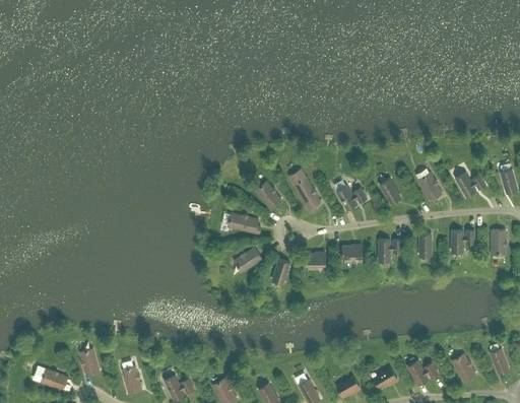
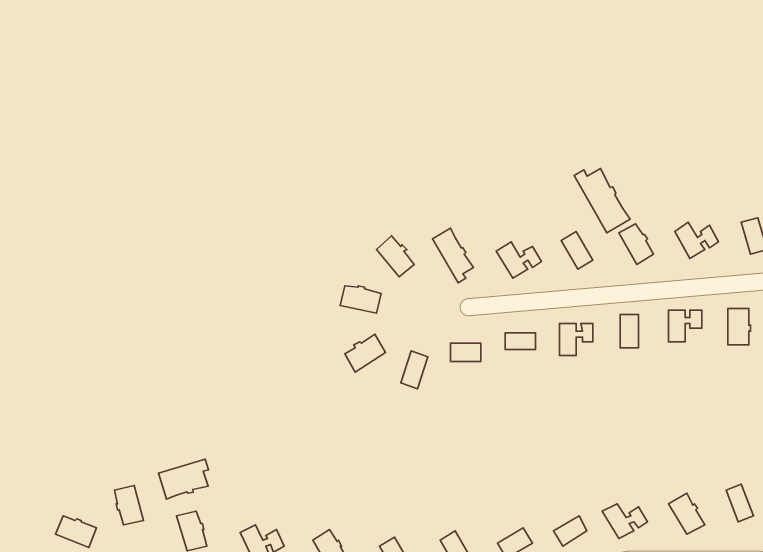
building: none -> [574,168,630,233]
building: none -> [159,459,208,499]

